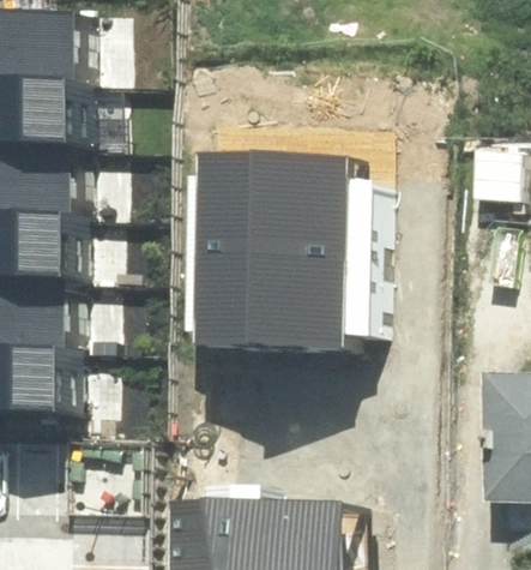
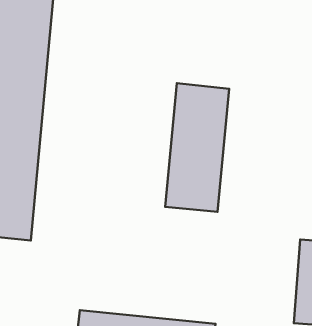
building: [207,162,286,344] -> none

